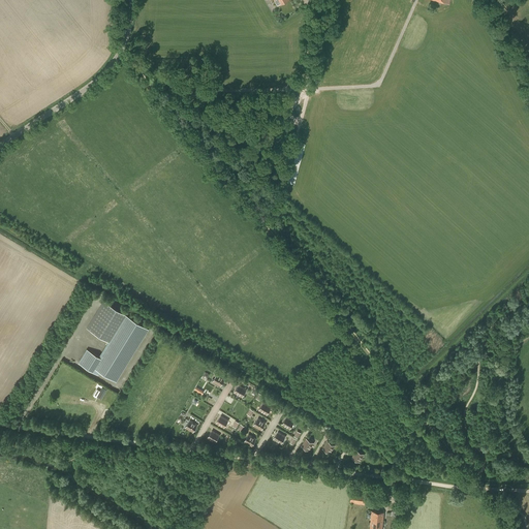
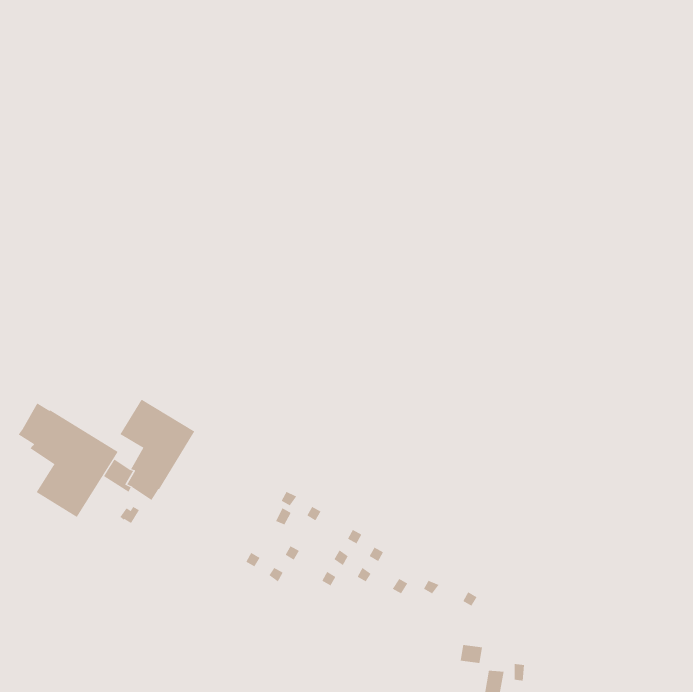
building: none -> [18,402,118,518]

